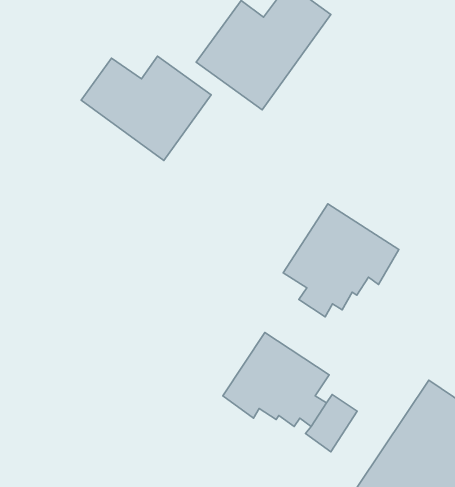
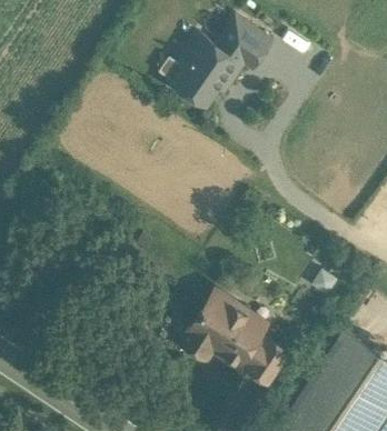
building: [81,56,211,160] -> none
building: [283,204,399,317] -> none

